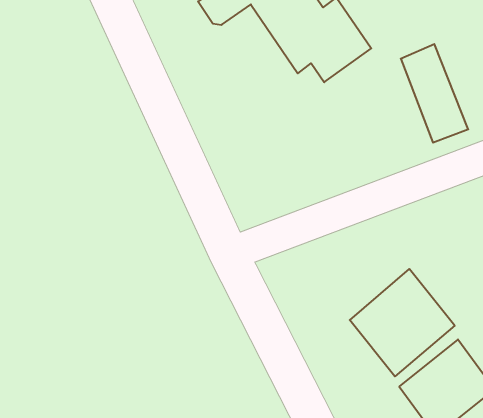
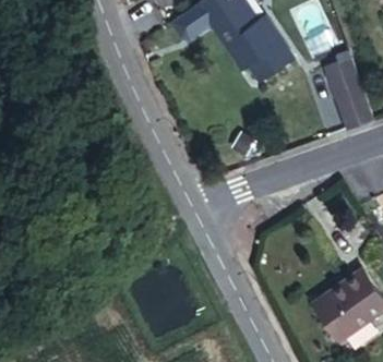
building: [350,269,455,376] -> none

